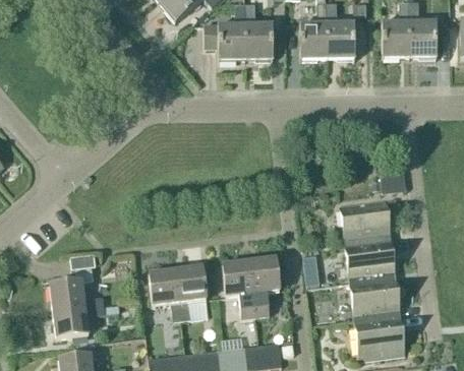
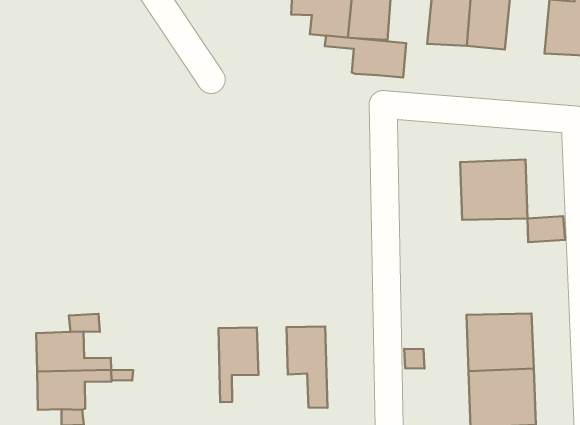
building: none -> [325,36,406,78]
building: [340,198,390,244] -> [460,159,527,220]
building: [248,257,280,317] -> none
building: [149,269,181,321] -> none

